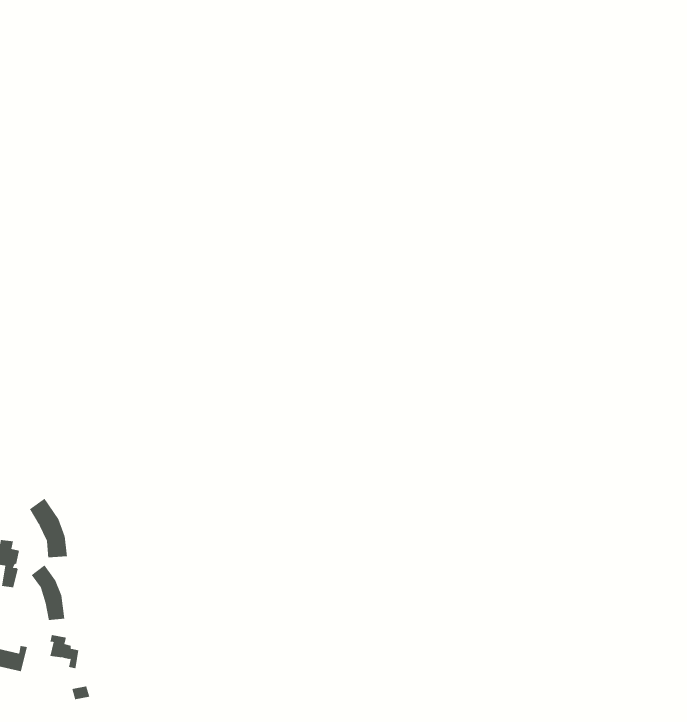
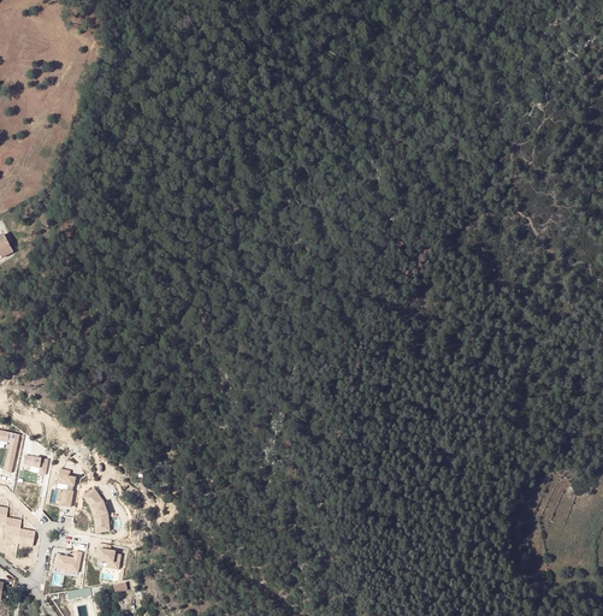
building: [29,498,67,558] -> none

